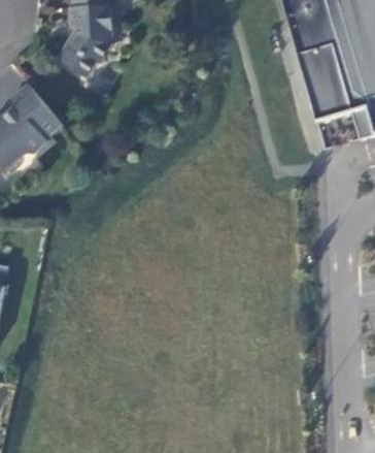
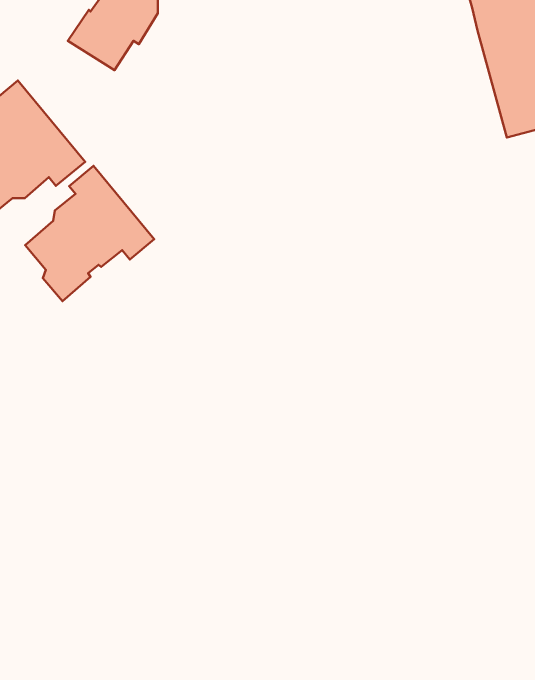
building: none -> [25,166,154,301]

